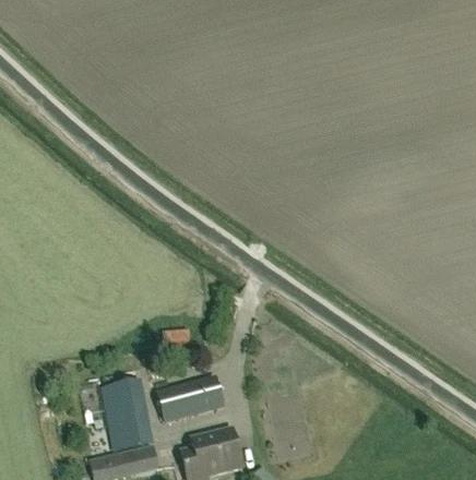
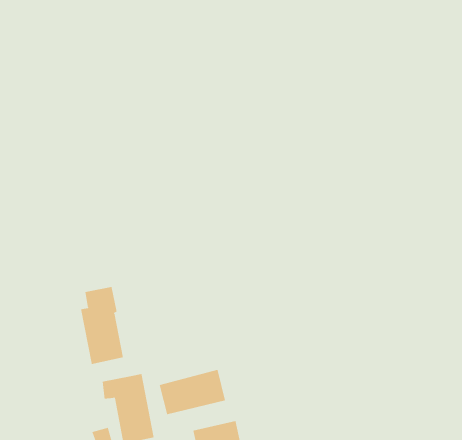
building: none -> [80,286,123,365]

